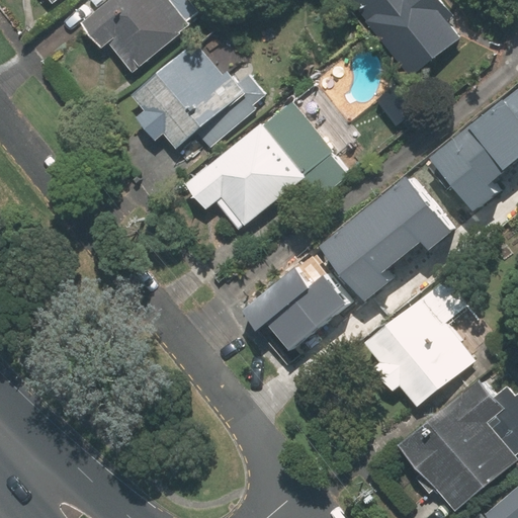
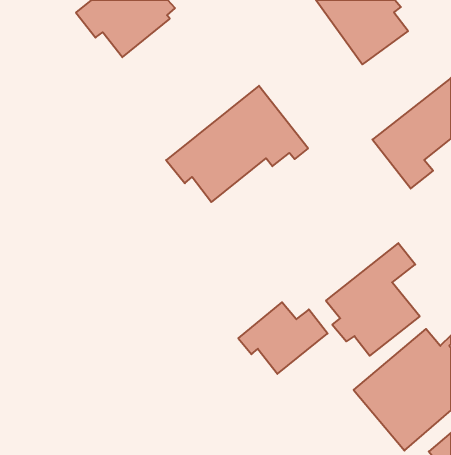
building: [116,39,270,150] -> none
building: [314,178,446,304] -> none
building: [238,271,339,352] -> [238,302,328,374]

